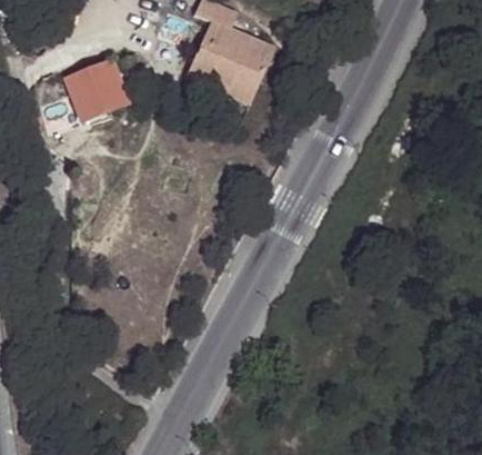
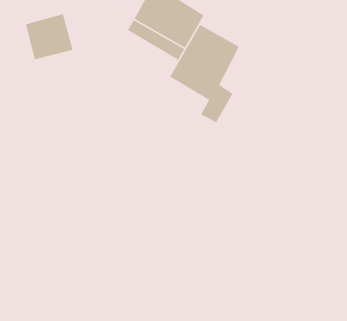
building: none -> [169,24,240,124]

